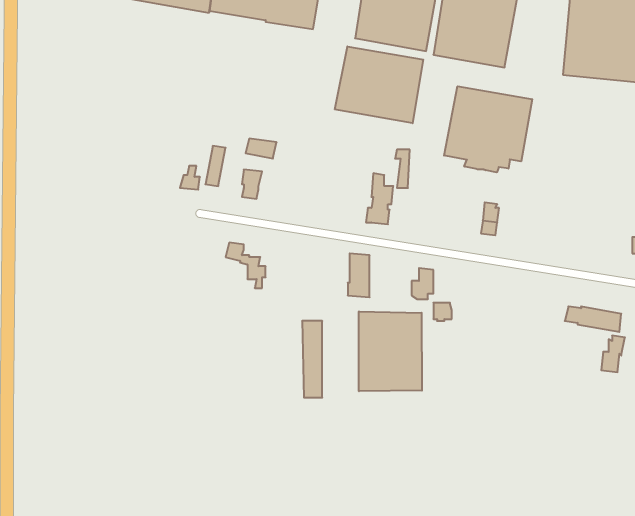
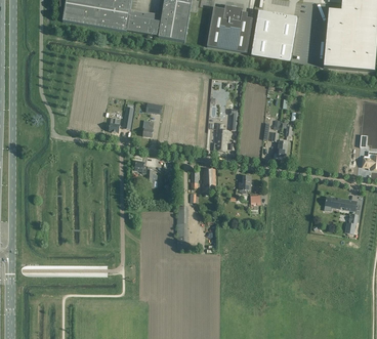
building: [335,46,423,123] -> none
building: [444,86,532,172] -> none
building: [359,311,422,391] -> none

